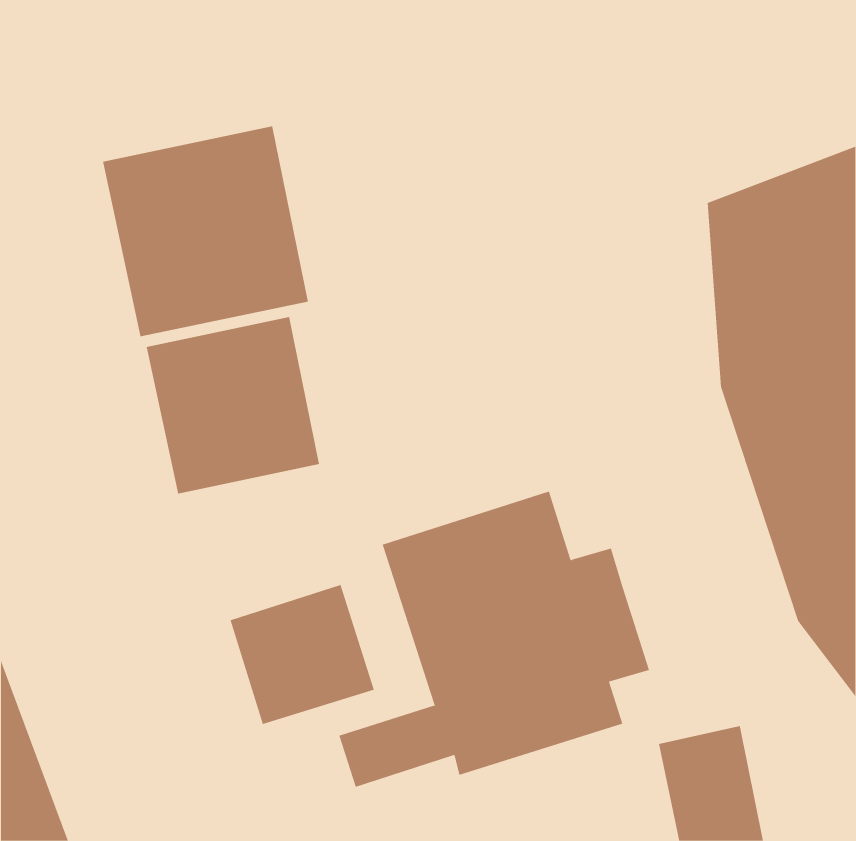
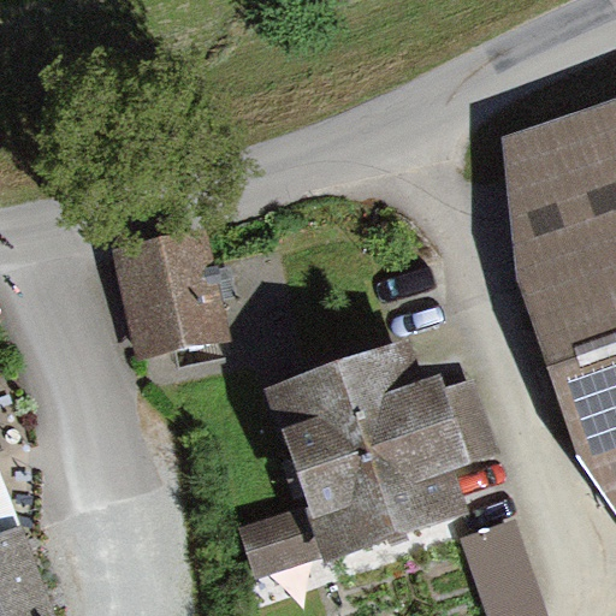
building: [102,126,308,337] -> none
building: [230,584,375,725] -> none

